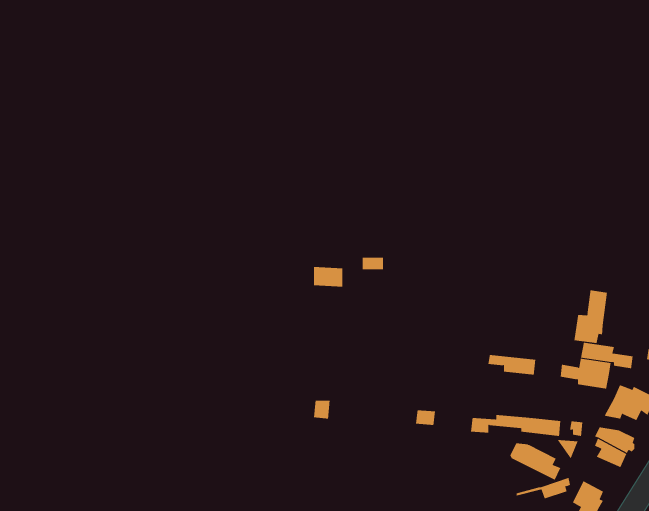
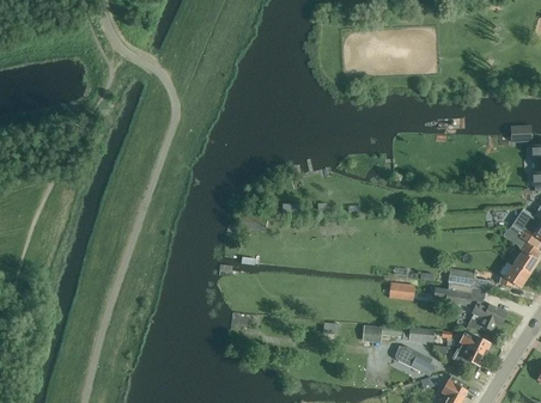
building: [574,290,607,344] -> none

